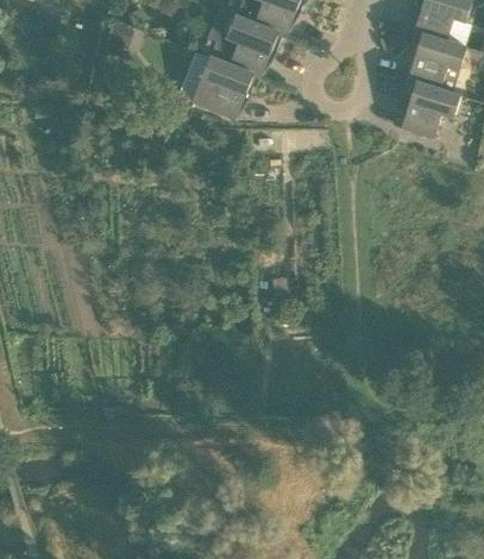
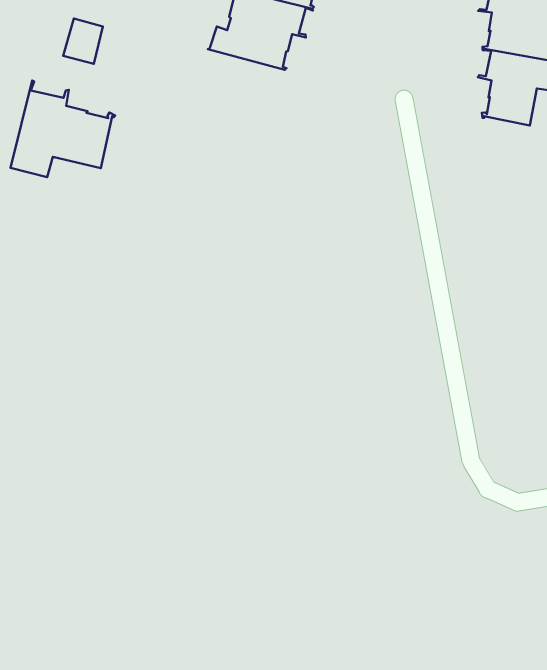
building: [191,54,262,117] -> none
building: none -> [10,80,115,177]

